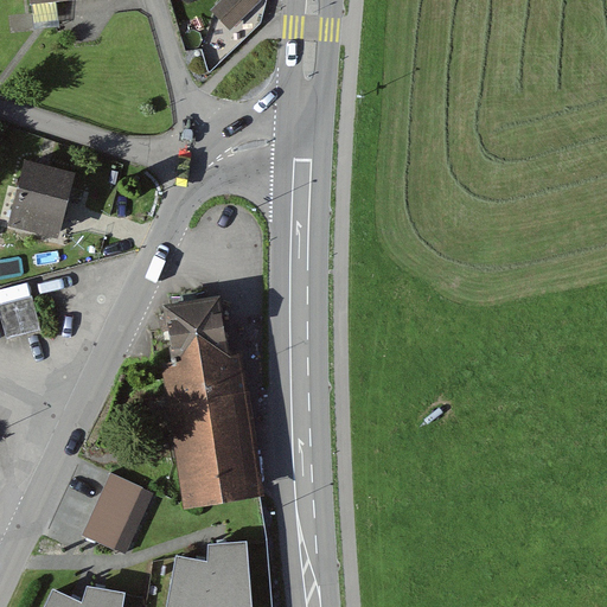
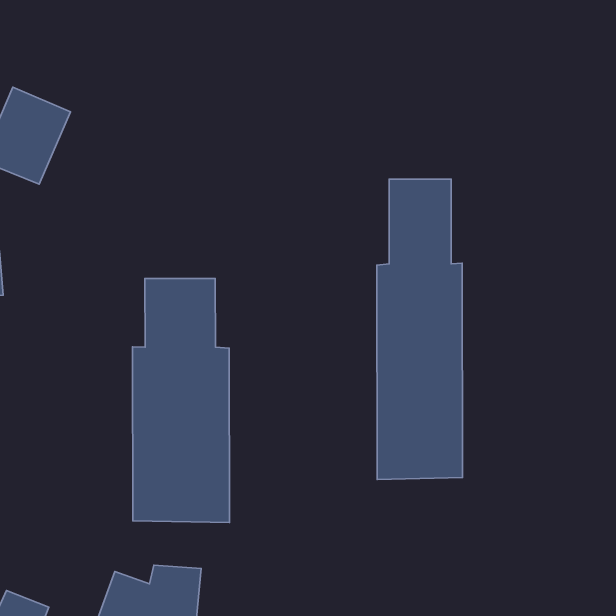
building: none -> [377,179,462,479]
building: [81,475,151,557] -> none

